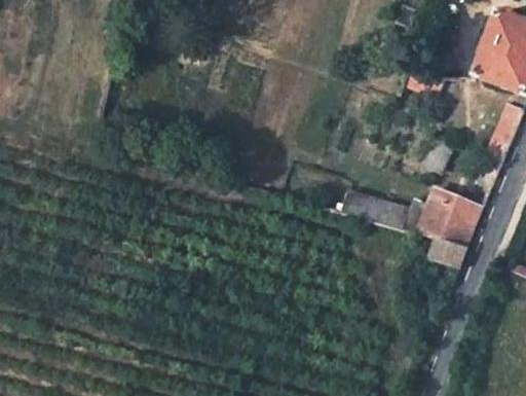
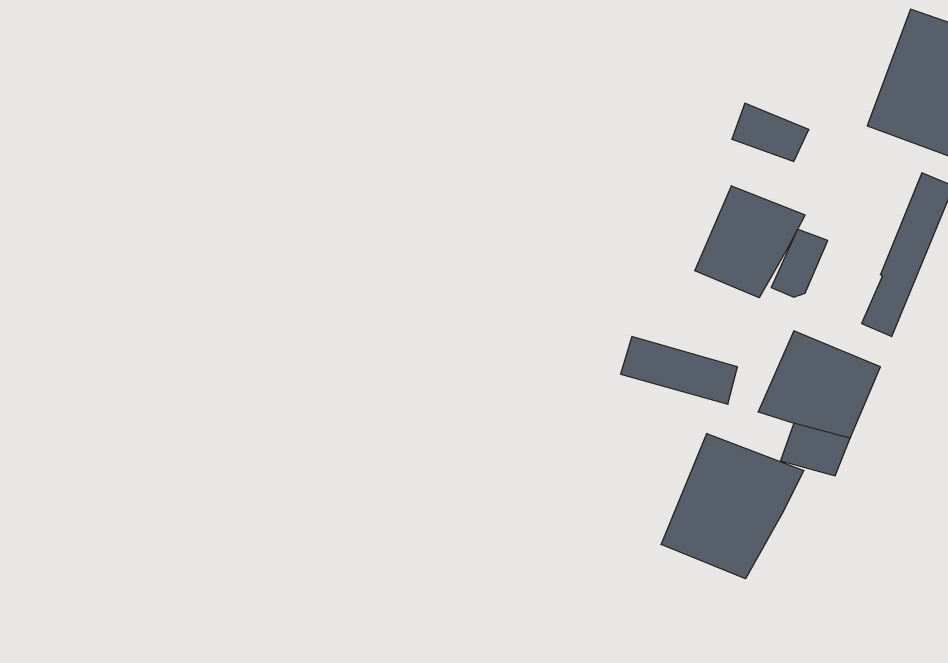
building: none -> [695,186,805,298]
building: none -> [661,433,804,579]

